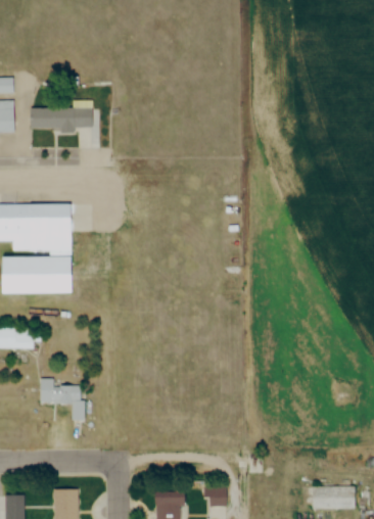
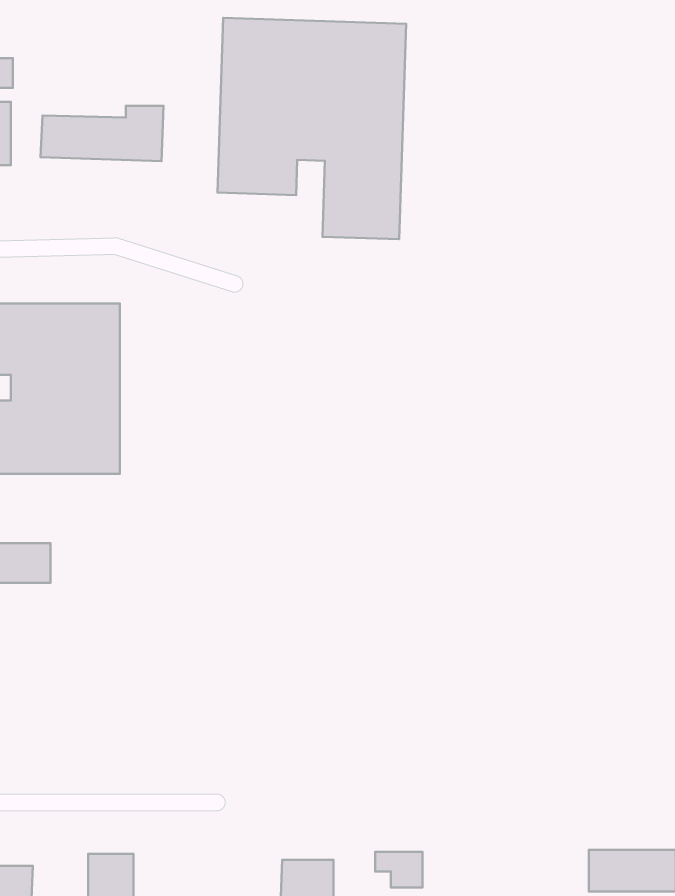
building: none -> [217,18,406,239]
building: [41,379,86,422] -> none

